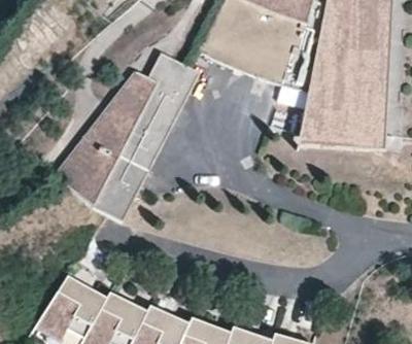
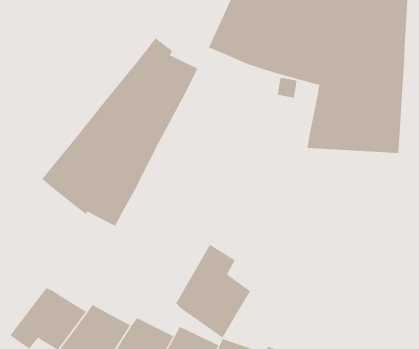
building: none -> [175,244,251,338]

